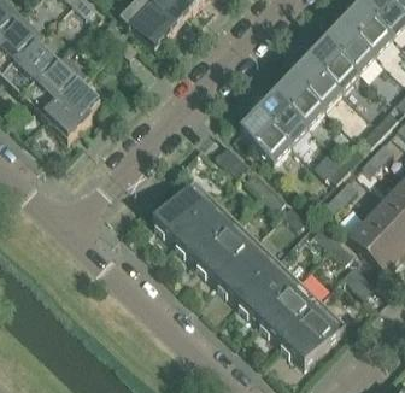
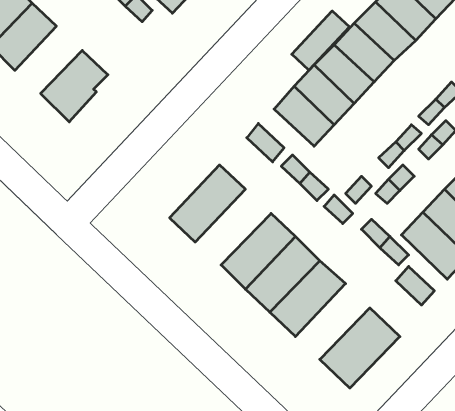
building: none -> [292,11,349,70]
building: [22,57,78,113] -> none
building: [174,194,237,258] -> none
building: [258,274,321,338] -> none

